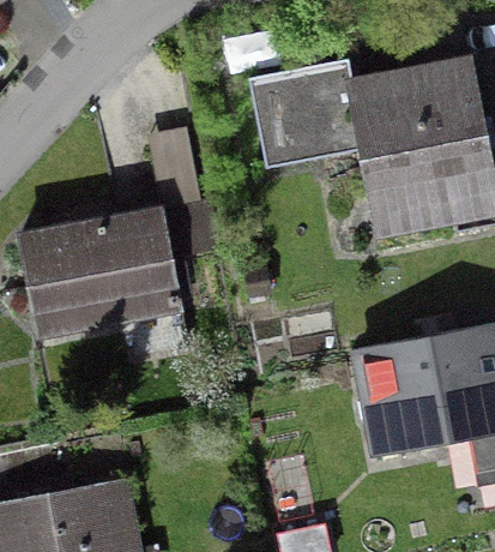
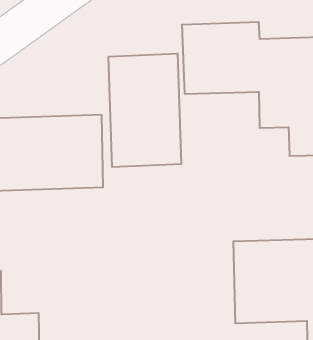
building: none -> [109,53,181,167]

